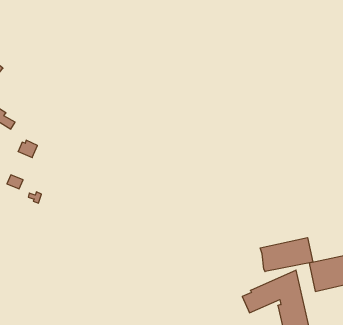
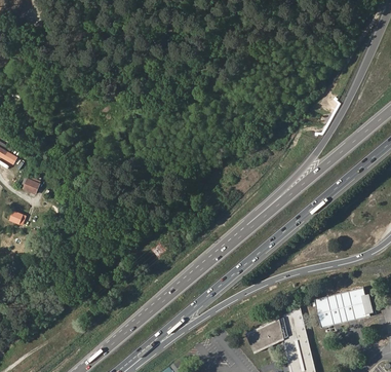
building: [260,238,313,272] -> none

